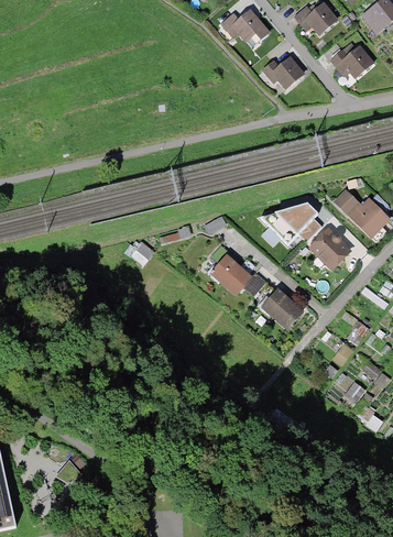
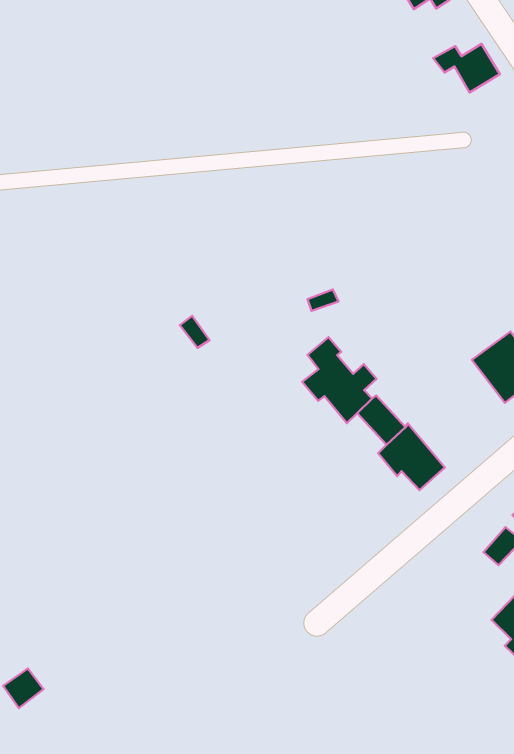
building: [256,204,321,246] -> none

